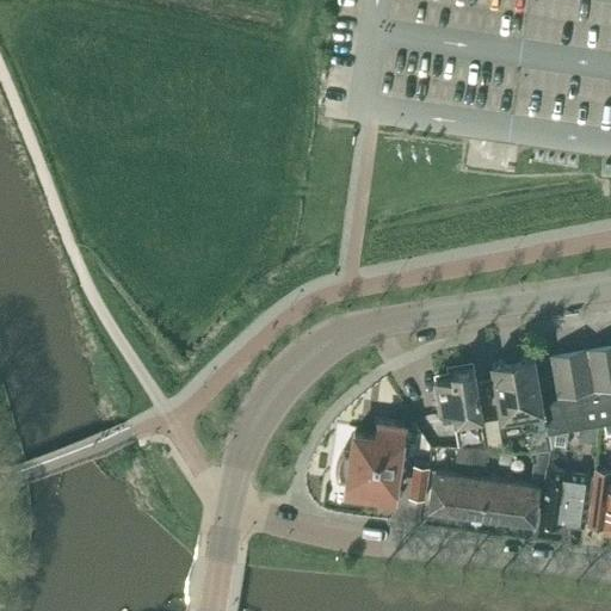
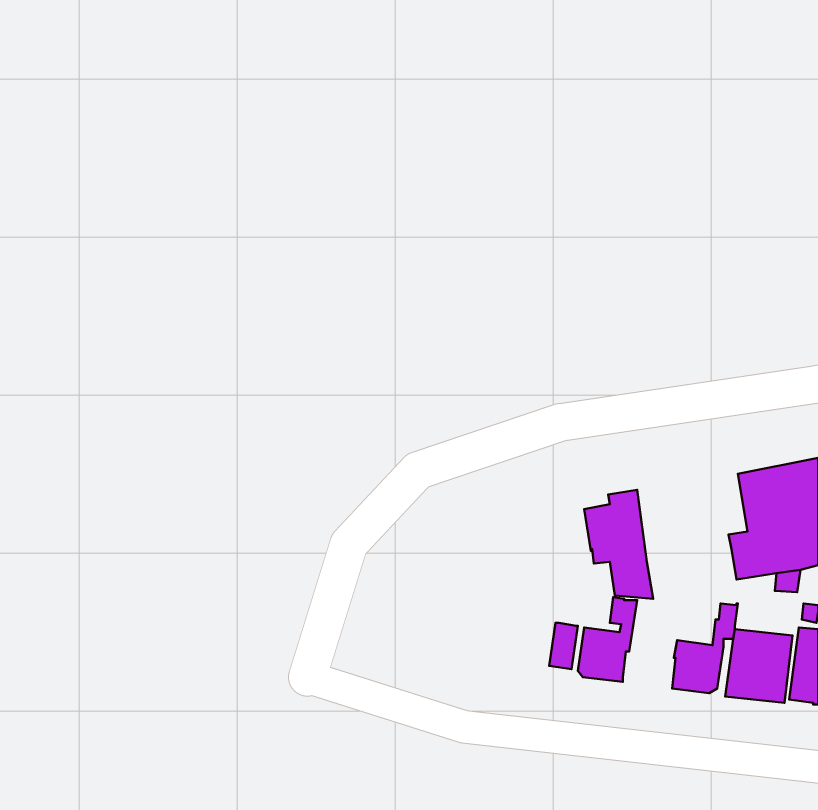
building: [493,362,551,456] -> none
building: [339,426,405,504] -> none
building: [464,453,505,519] -> none

